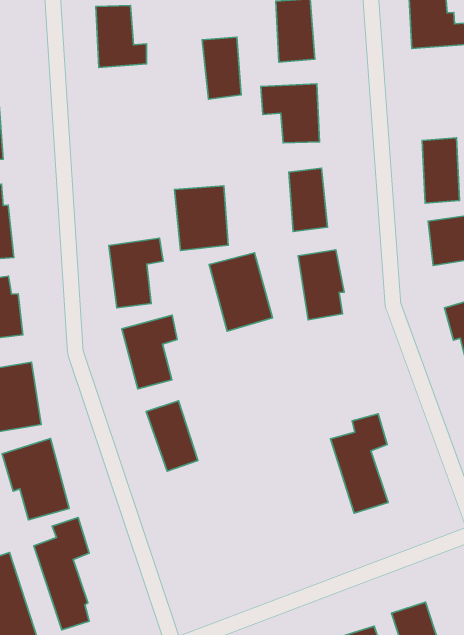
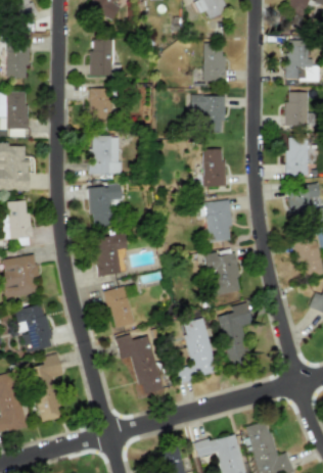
building: [202,37,241,99] -> [90,88,111,125]
building: none -> [285,91,308,126]
building: [174,186,228,250] -> [89,136,120,174]
building: [209,253,273,331] -> [204,248,241,295]
building: none -> [175,318,216,381]
building: none -> [114,333,162,394]

